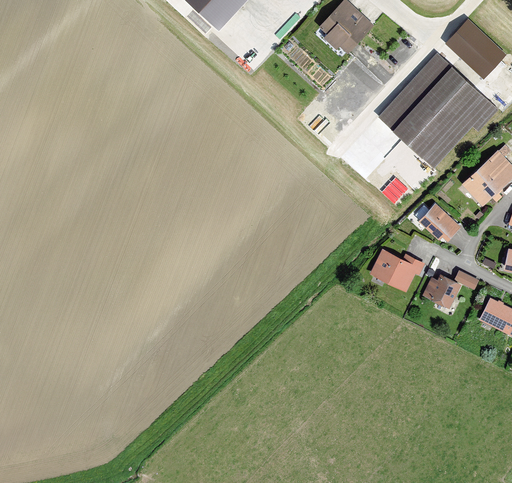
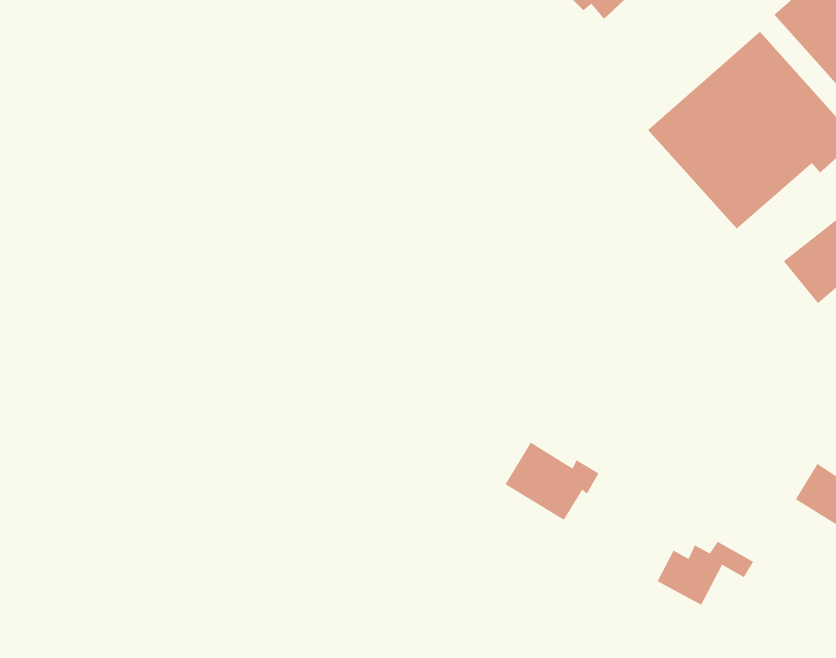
building: [418,203,461,242] -> none
building: [377,246,431,290] -> [504,441,600,521]
building: [428,269,483,307] -> [657,541,754,606]

